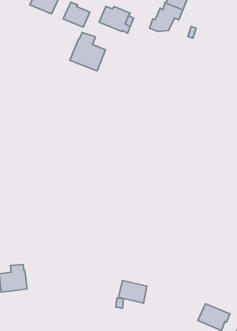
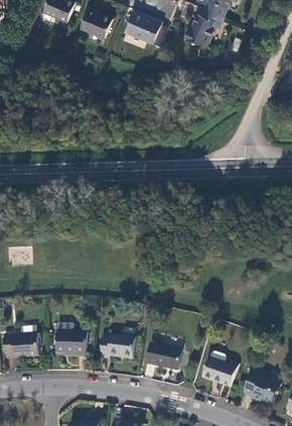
building: [70,33,106,71] -> none
building: none -> [54,323,86,356]
building: none -> [99,325,133,356]
building: none -> [200,350,238,386]

